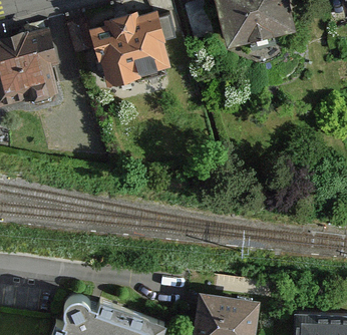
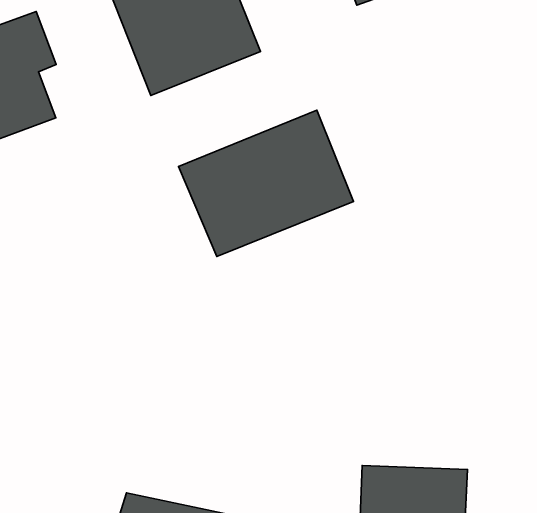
building: none -> [178,110,354,256]

